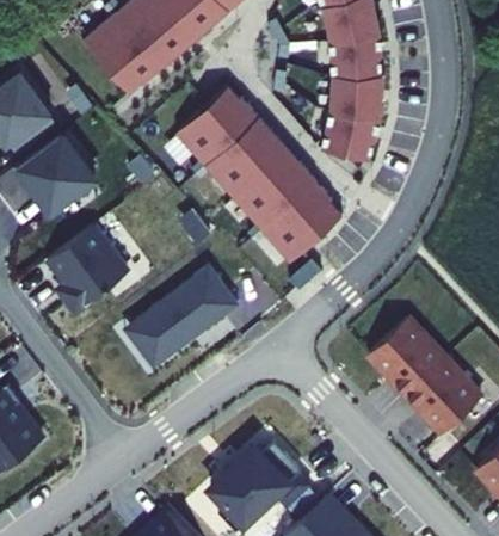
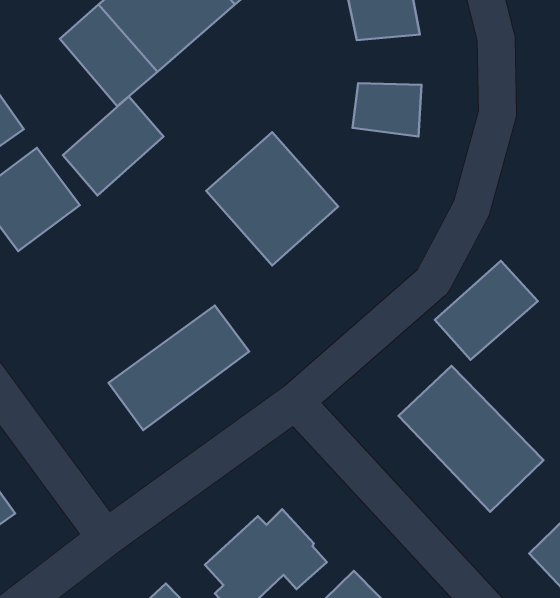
building: [329,39,383,81] -> none
building: [175,87,259,170] -> [63,96,163,195]
building: [321,117,381,165] -> none
building: [259,183,345,265] -> [435,261,538,360]
building: [38,221,118,307] -> none

